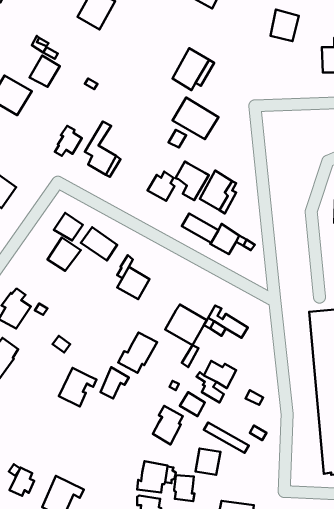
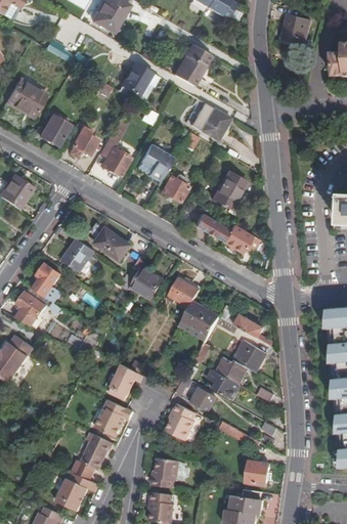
building: [30,56,60,87] -> [38,114,68,144]
building: none -> [120,61,150,94]
building: [176,161,209,200] -> [139,142,172,180]
building: [54,213,83,241] -> none
building: none -> [31,264,56,300]
building: none -> [166,277,198,308]
building: [118,333,157,373] -> none
building: none -> [234,341,265,372]
building: [59,368,96,407] -> [94,398,131,436]
building: none -> [79,431,111,469]
building: [195,449,220,475] -> [244,458,268,484]
building: [10,468,34,496] -> none
building: [174,475,194,501] -> none

